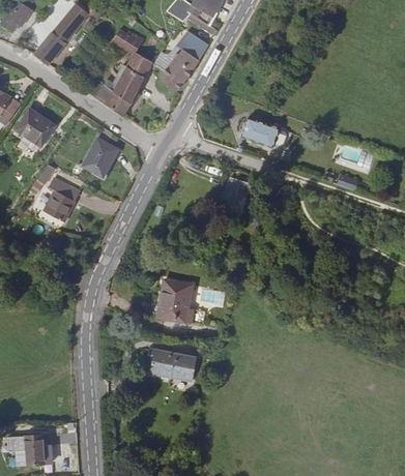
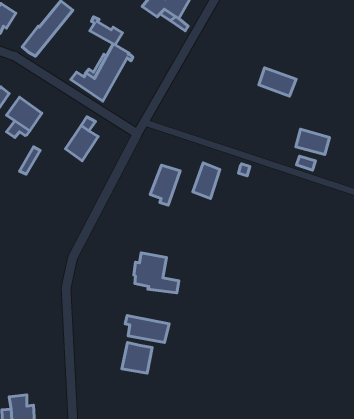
building: [154,31,209,89] -> none
building: [239,115,281,146] -> [259,68,296,96]
building: [45,180,81,222] -> none
building: none -> [150,165,180,205]
building: none -> [122,343,152,373]

